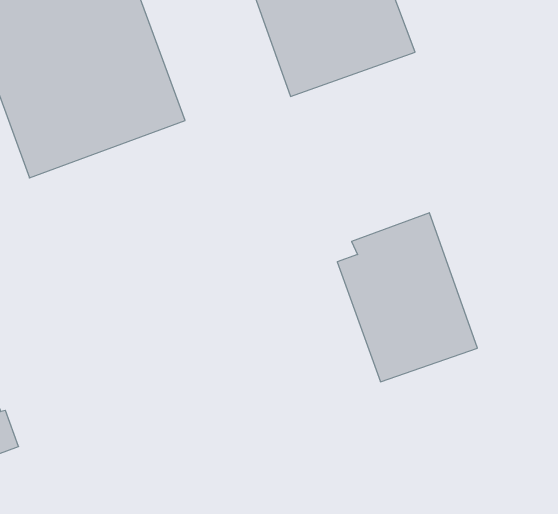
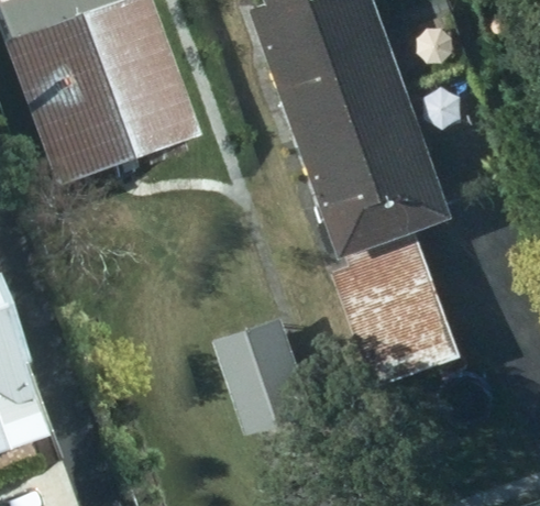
building: none -> [288,77,451,253]
building: none -> [218,301,322,425]

